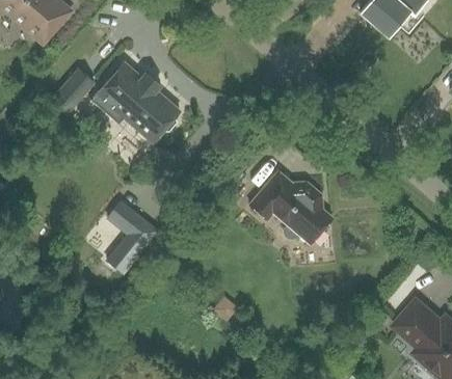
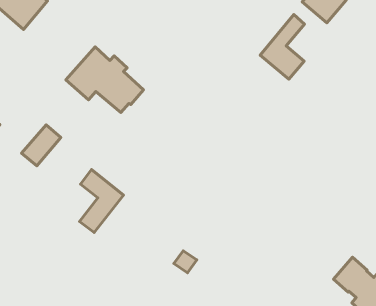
building: none -> [260,15,304,79]
building: [51,70,96,116] -> [21,125,61,166]
building: [249,170,331,244] -> none

